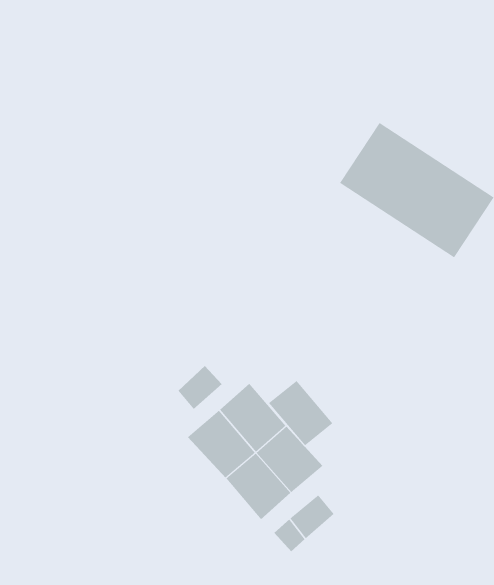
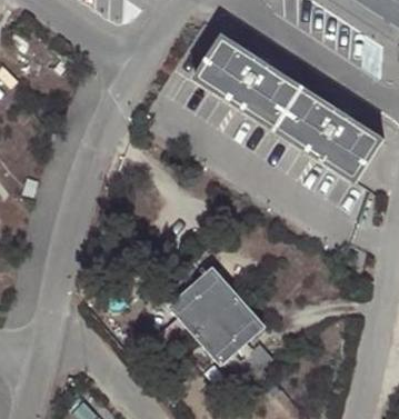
building: none -> [196,34,303,129]
building: [268,380,333,446] -> none

